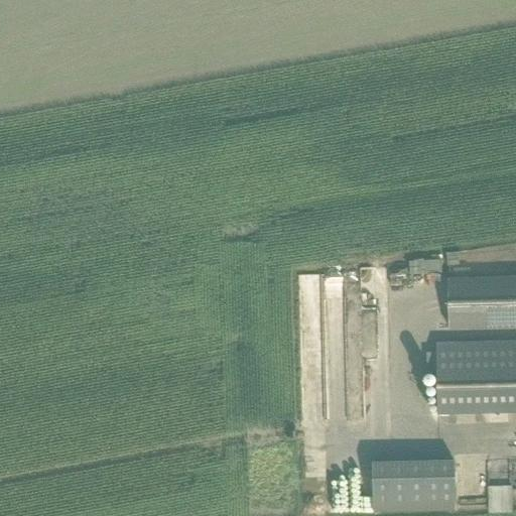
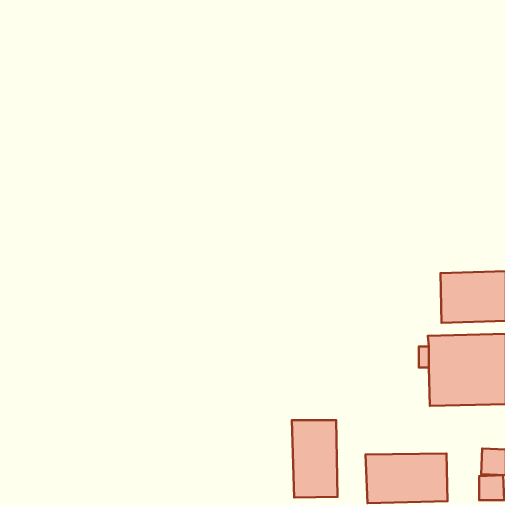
building: none -> [292,420,337,498]

